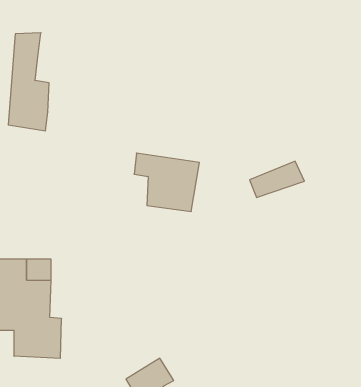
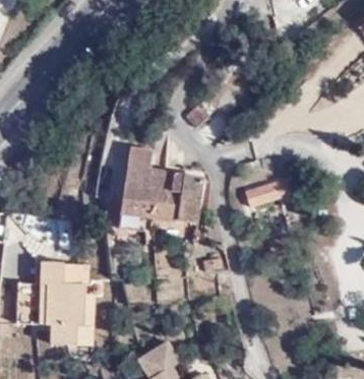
building: [8,33,49,131] -> [122,141,158,227]

